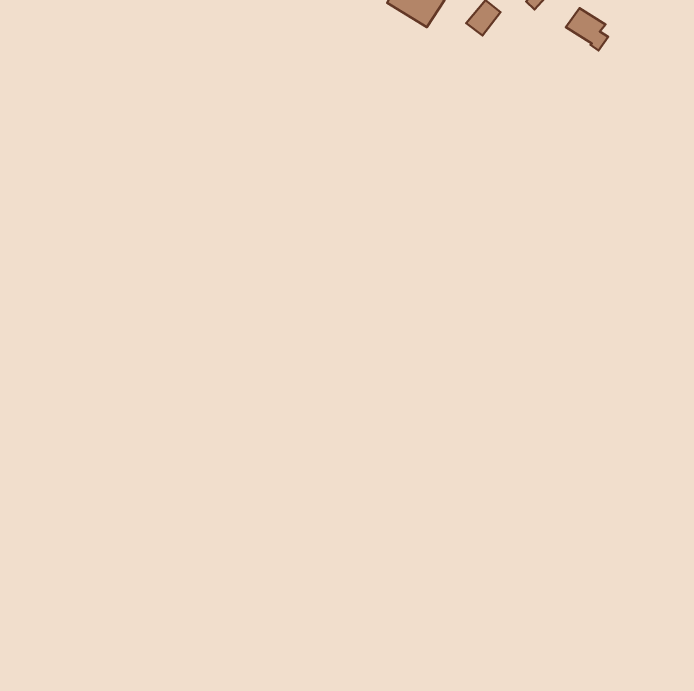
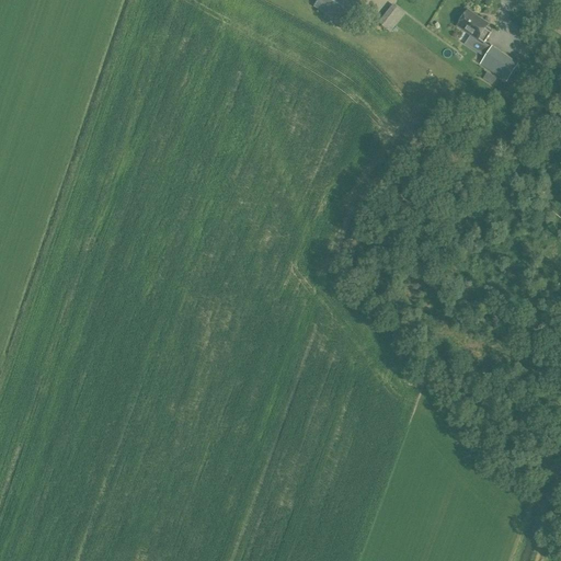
building: none -> [479,44,515,77]

